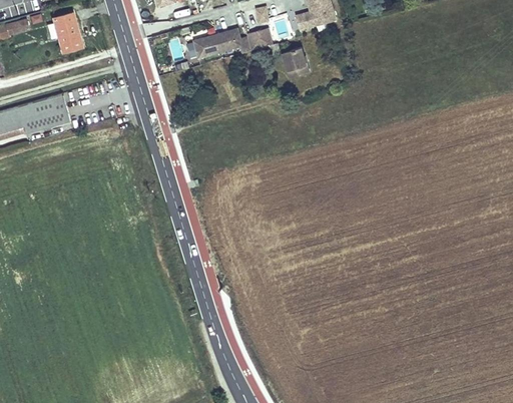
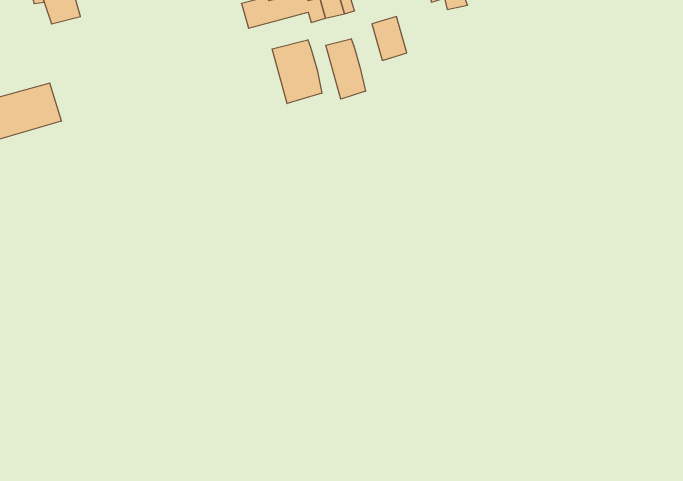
building: none -> [326,39,366,99]
building: none -> [272,40,322,104]

